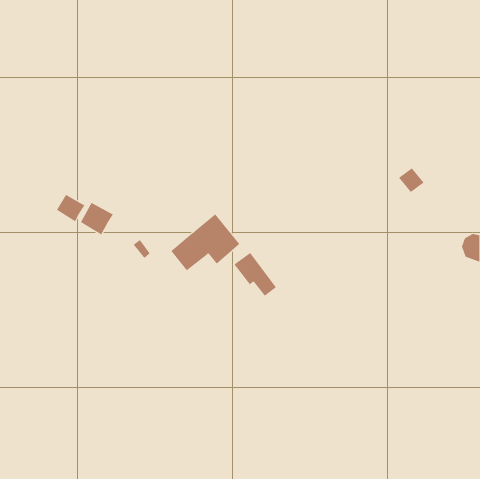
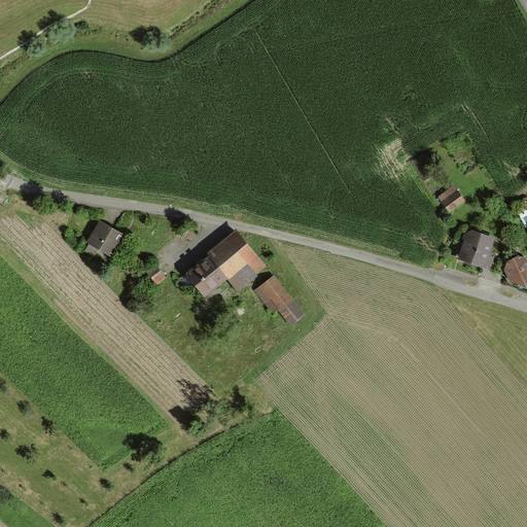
building: [56,194,85,222] -> none
building: none -> [458,230,493,270]

